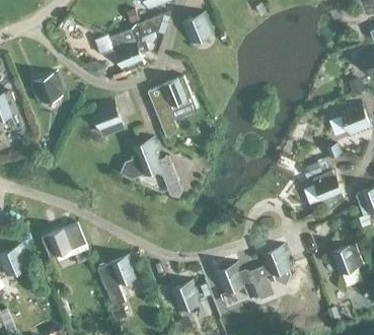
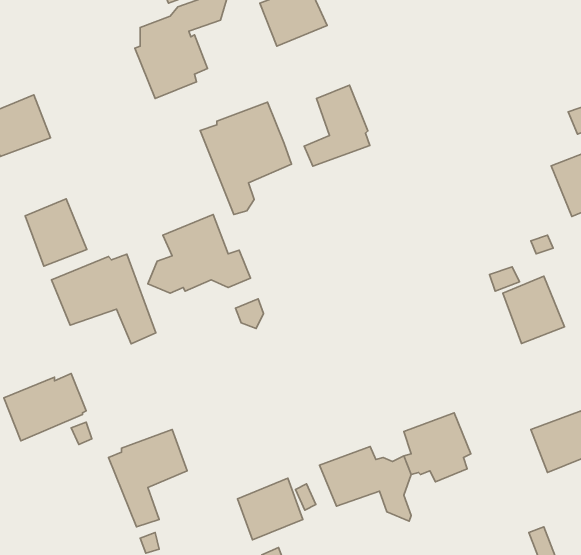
building: none -> [304,85,370,166]
building: [90,98,124,135] -> [25,199,87,266]
building: none -> [51,254,156,344]

